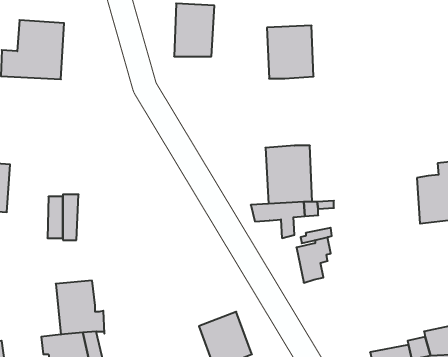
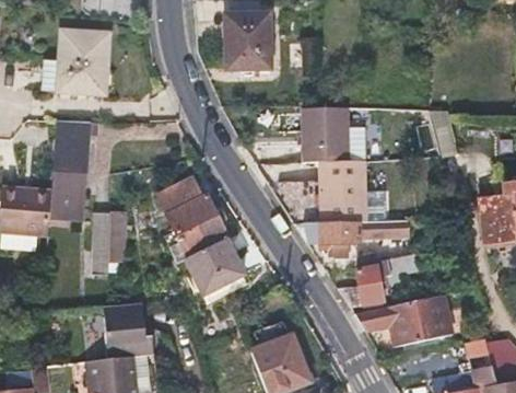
building: [267,26,314,79] -> [303,108,352,164]
building: none -> [55,119,87,211]
building: none -> [159,178,243,293]
building: none -> [355,292,452,343]

